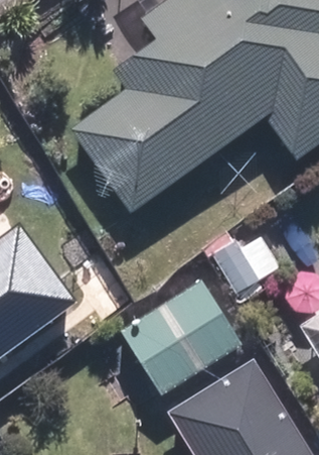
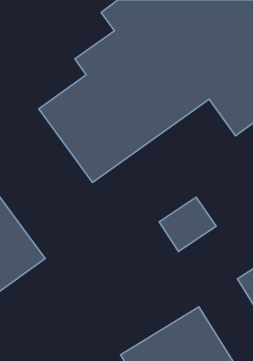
building: [120,275,245,394] -> none

